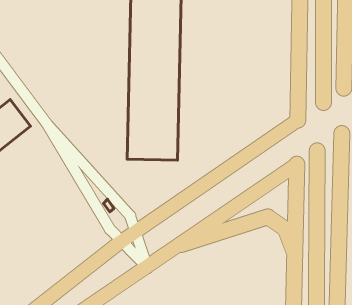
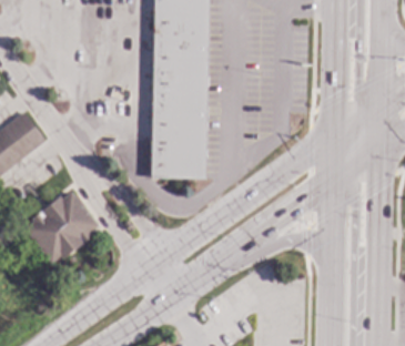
building: none -> [24,191,98,262]

